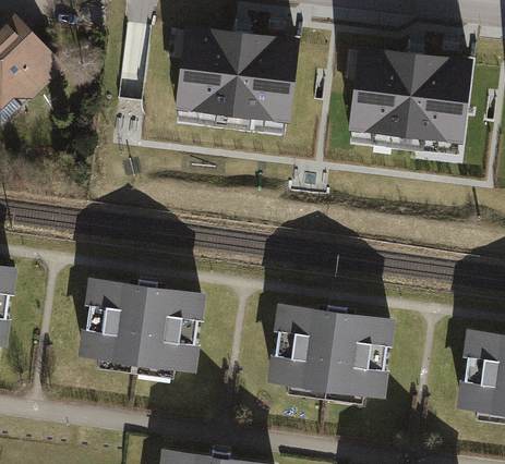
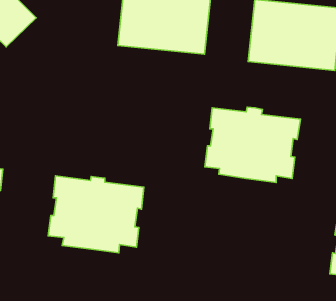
building: [269,305,398,406] -> [205,107,300,182]

